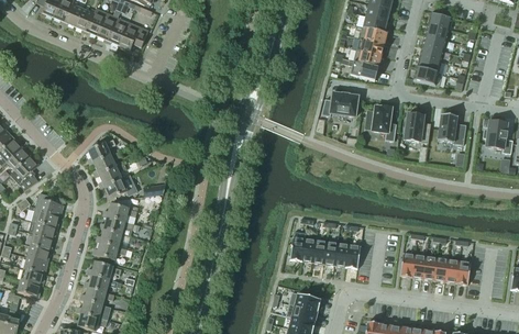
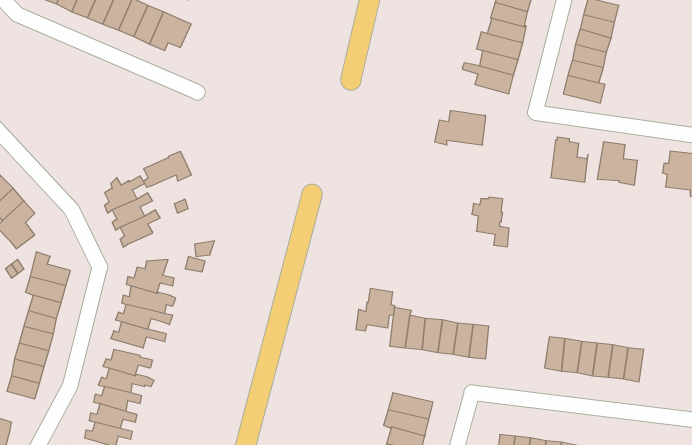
building: [368,105,395,141] -> [472,197,509,247]
building: [103,175,137,200] -> [144,152,192,187]
building: none -> [356,288,394,331]

